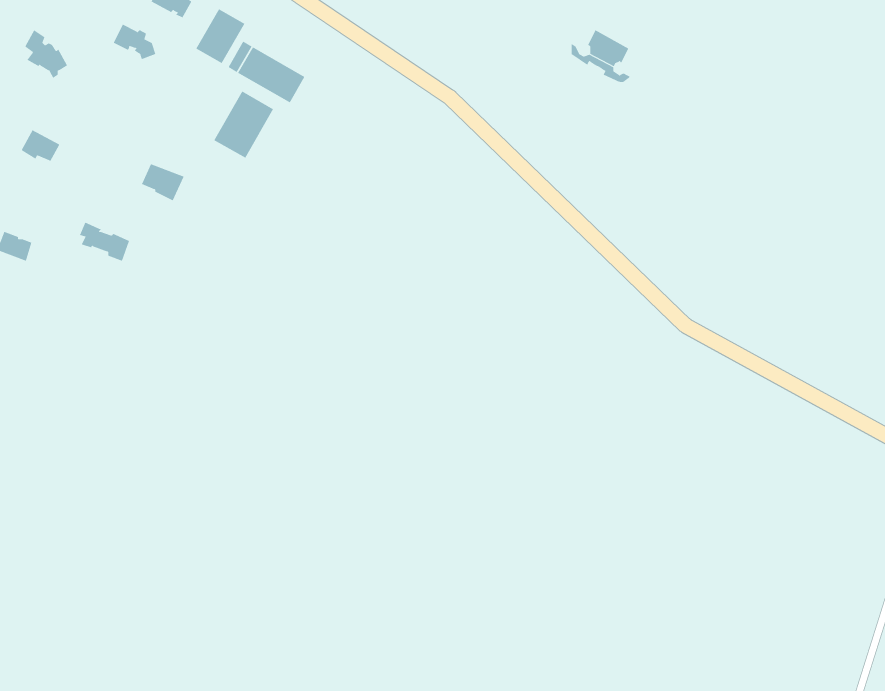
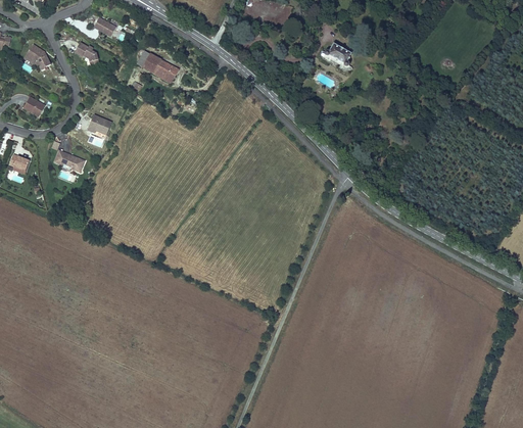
building: [196,8,245,64] -> none
building: [214,91,274,159] -> none

